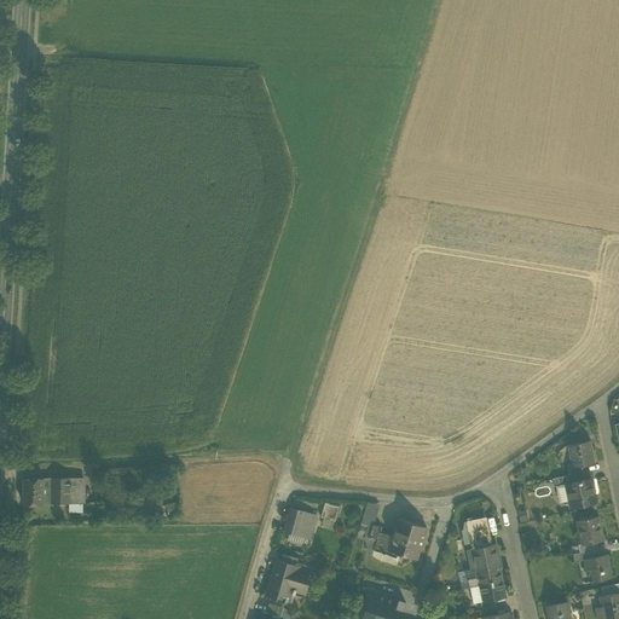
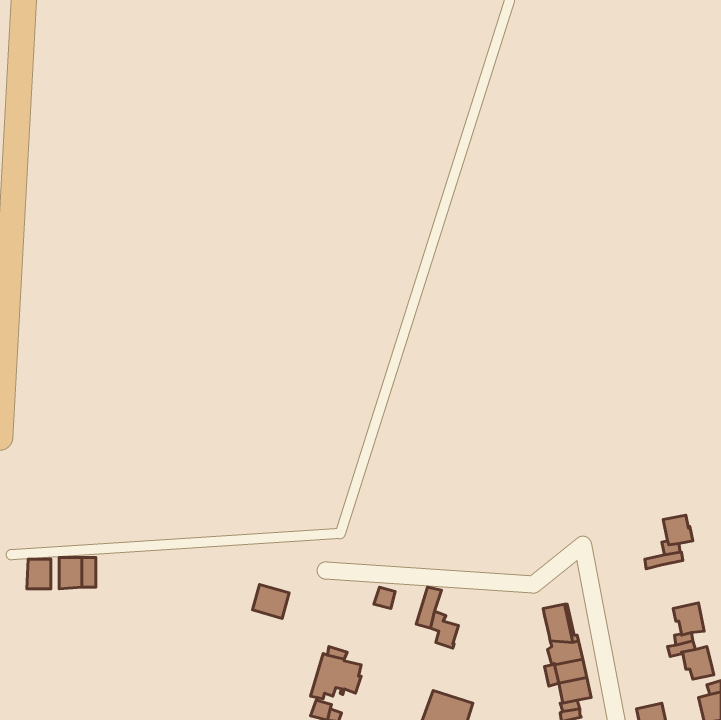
building: [567,480,595,509] -> none
building: [285,510,317,539] -> [253,584,289,618]
building: [388,520,427,561] -> none

